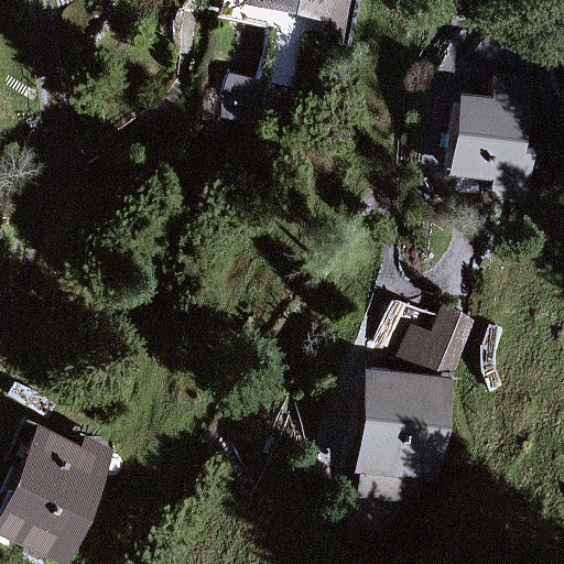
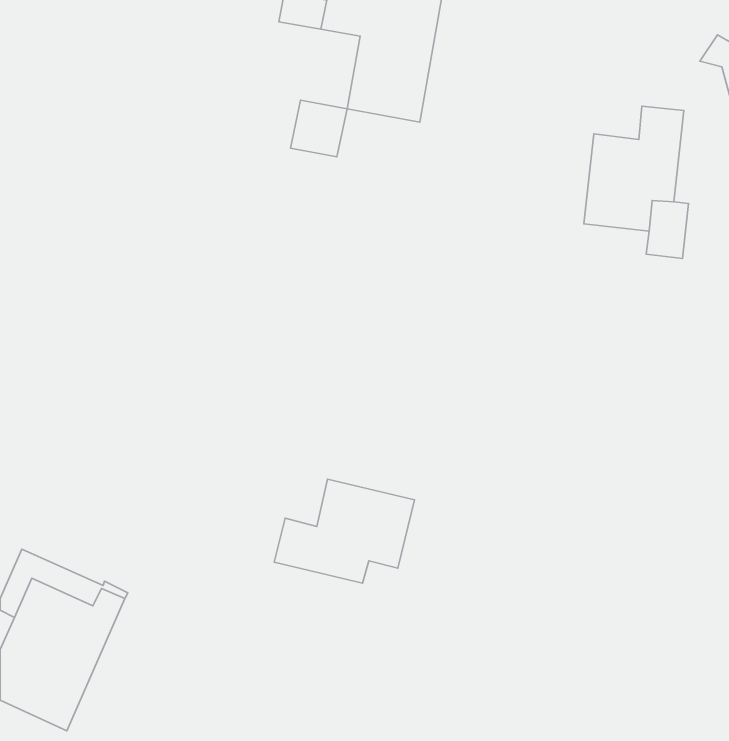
building: [361,312,477,497] -> none
building: none -> [274,479,414,583]

